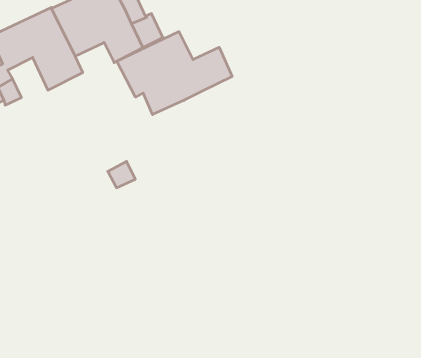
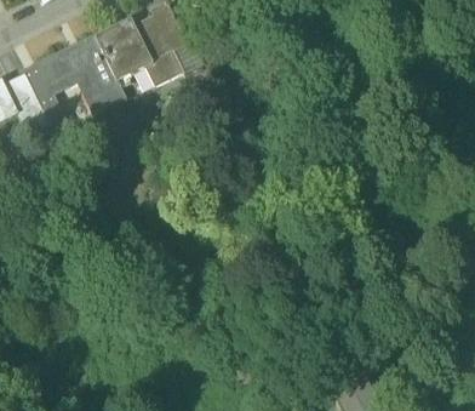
building: [117,32,232,115] -> none

